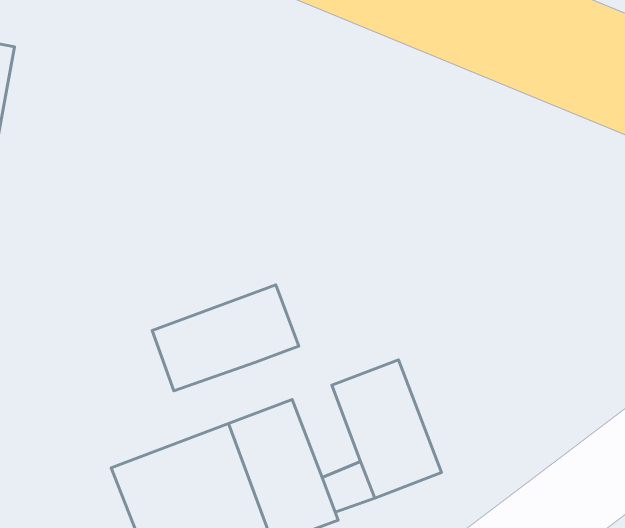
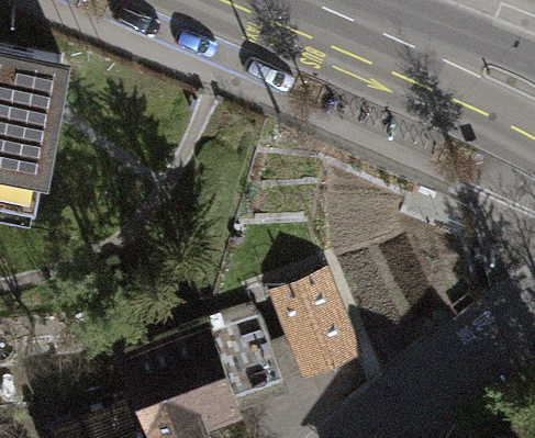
building: [152,285,299,391] -> none

